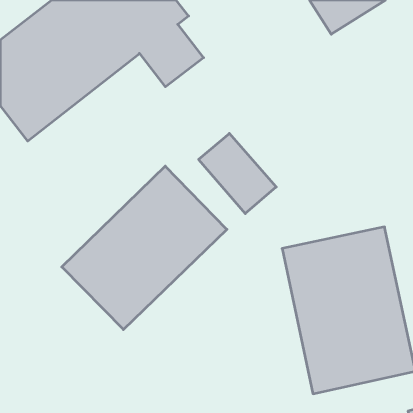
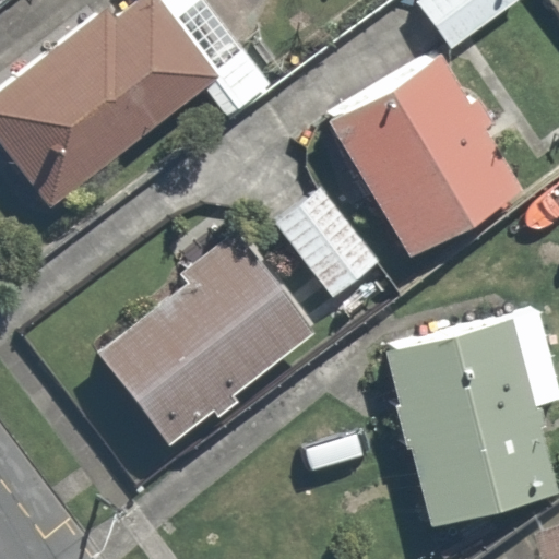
building: none -> [331,59,513,257]

